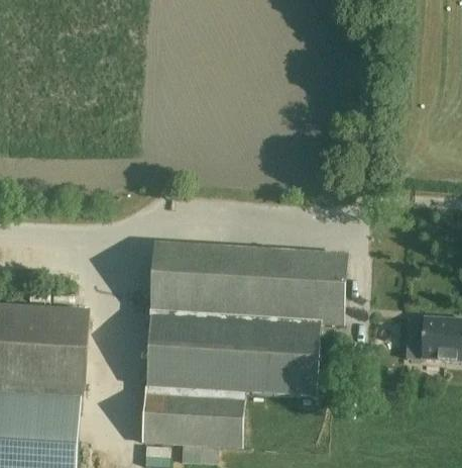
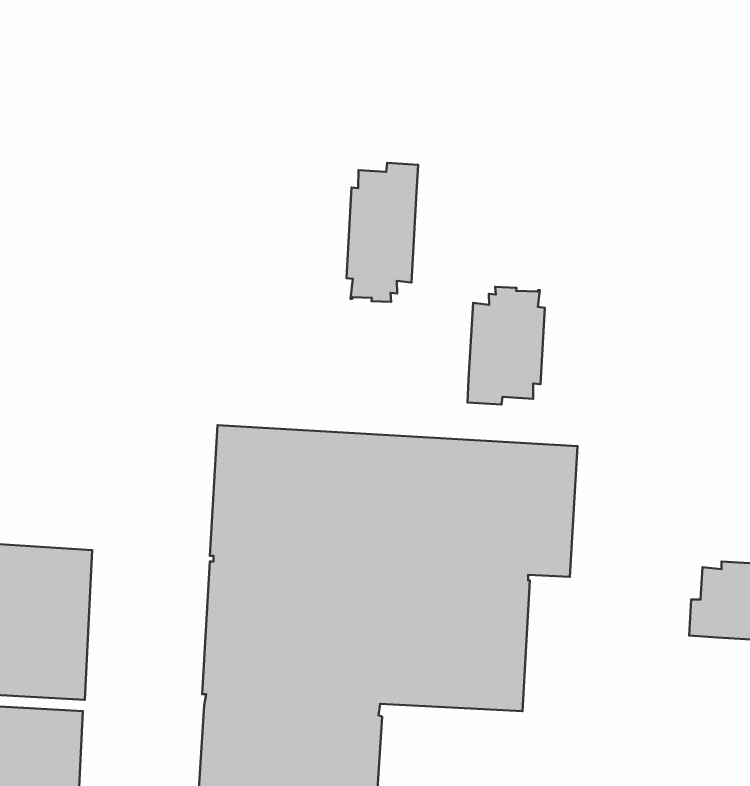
building: none -> [346,163,418,302]
building: none -> [467,287,545,405]

